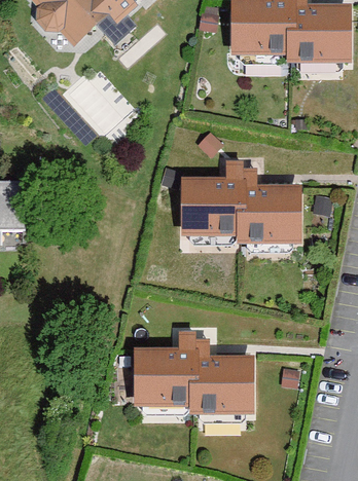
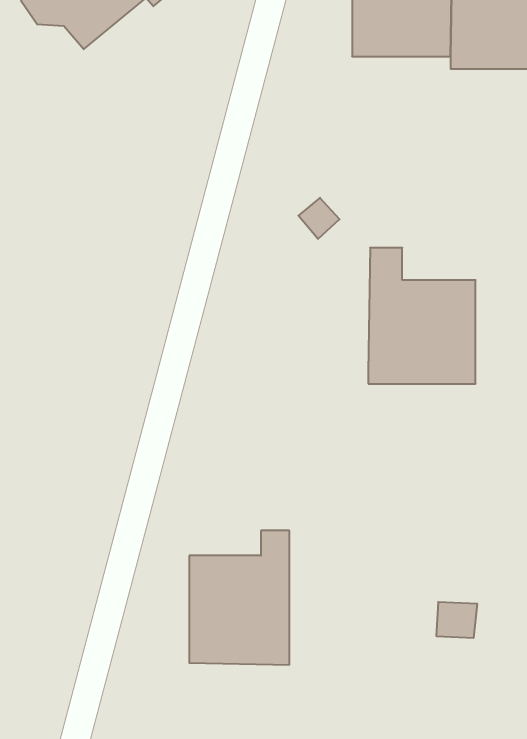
building: [181,161,239,237] -> none
building: [192,335,253,413] -> none

